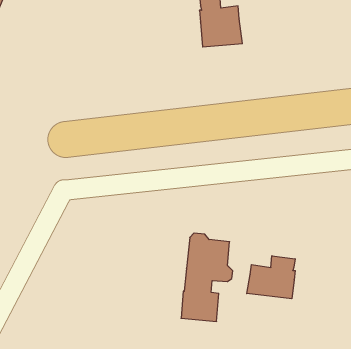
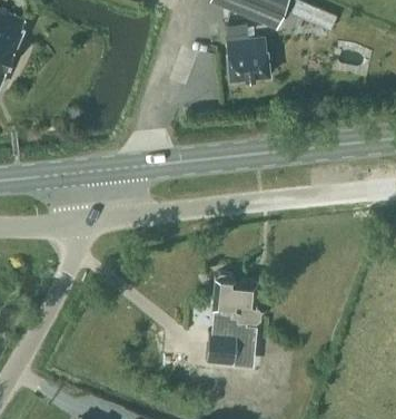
building: [247,256,295,299] -> none

